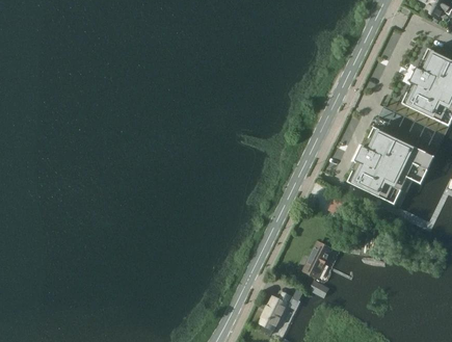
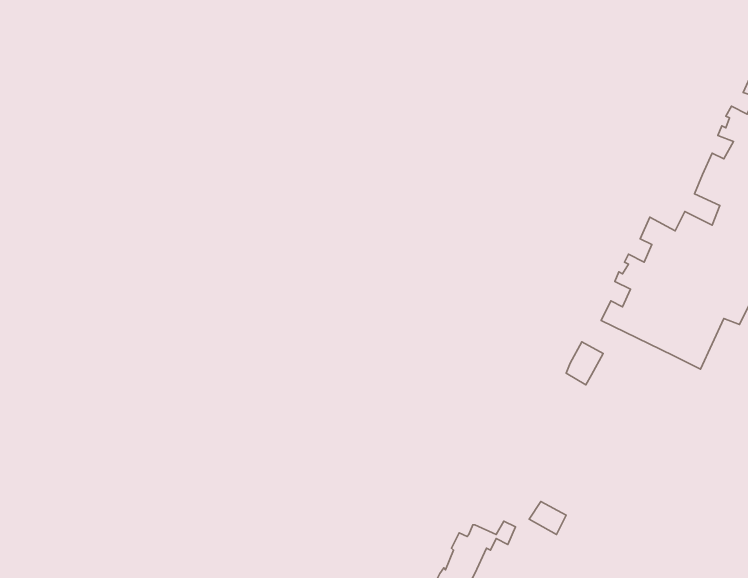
building: [304,242,331,277] -> none

